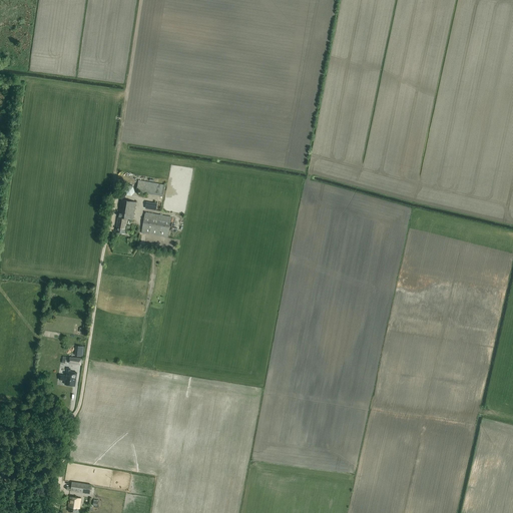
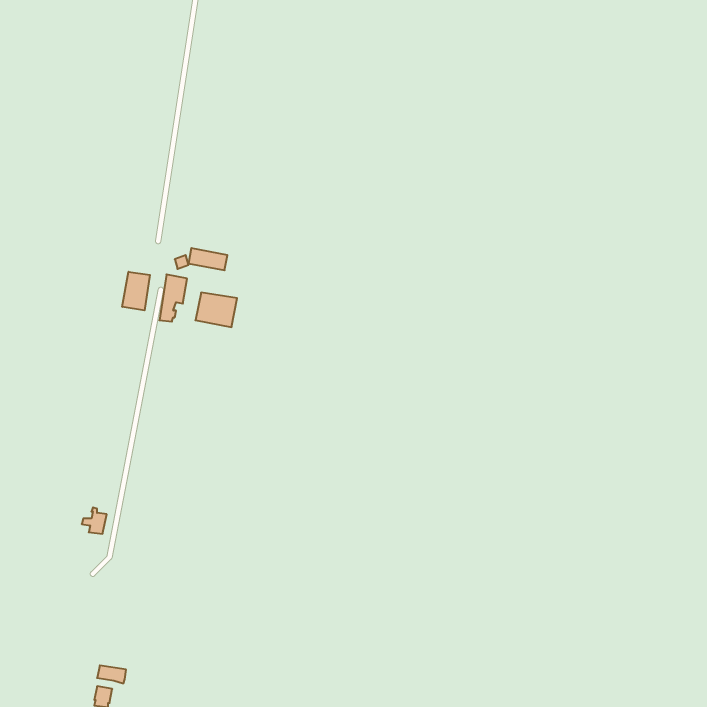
building: none -> [122,272,150,310]

